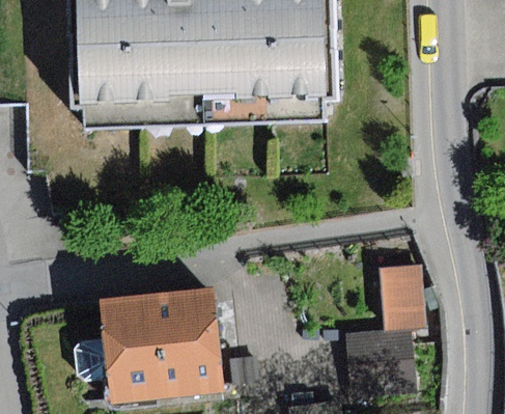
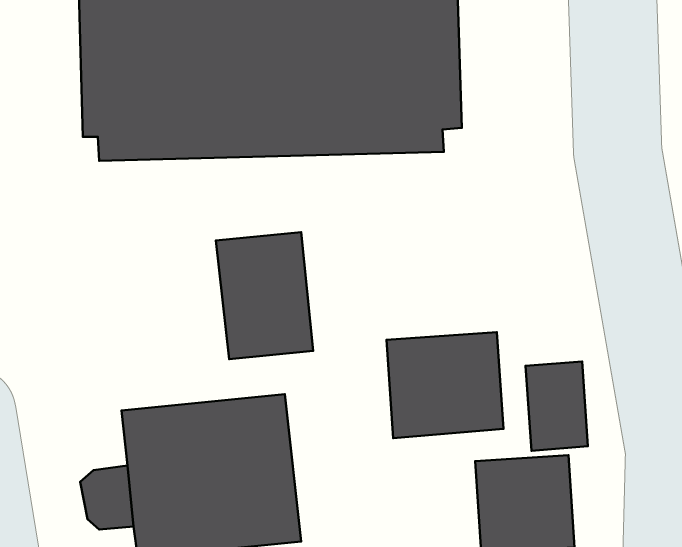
building: none -> [216,232,313,359]
building: none -> [387,332,503,438]

